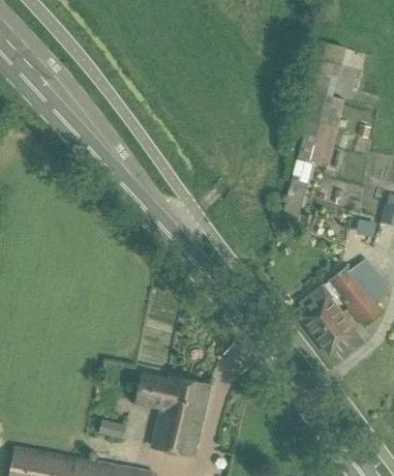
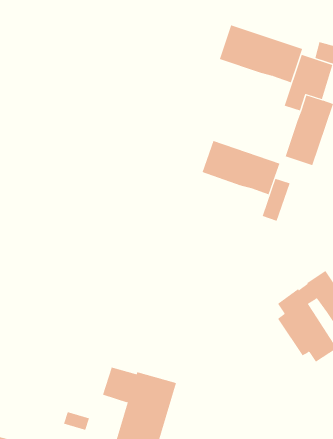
building: none -> [219,25,303,83]
building: none -> [202,140,280,195]

